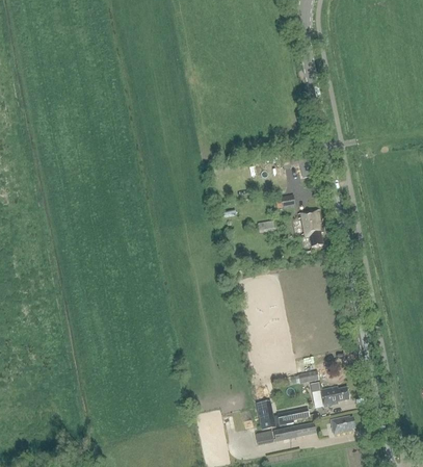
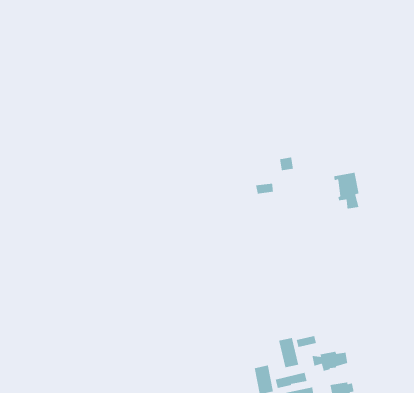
building: [297,210,323,248] -> [333,172,359,210]
building: none -> [278,337,299,368]

